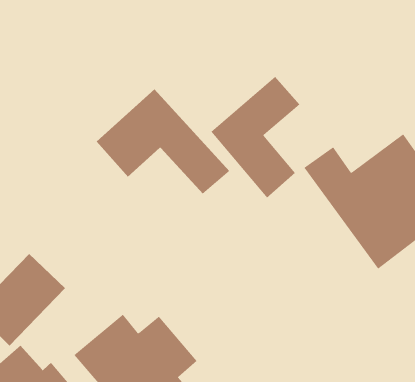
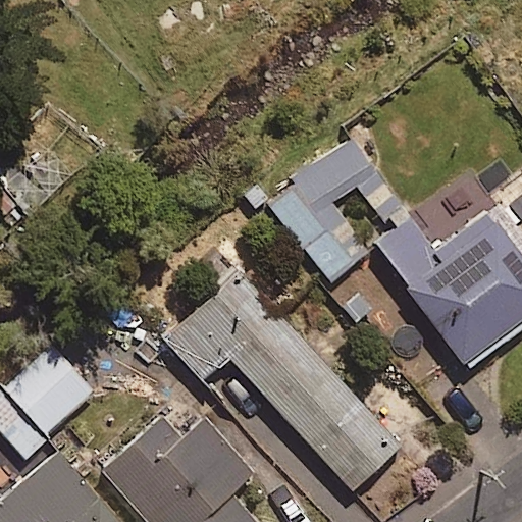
building: [96,88,230,195] -> none
building: none -> [164,273,397,491]

